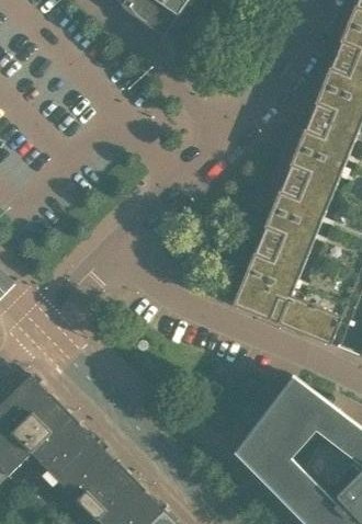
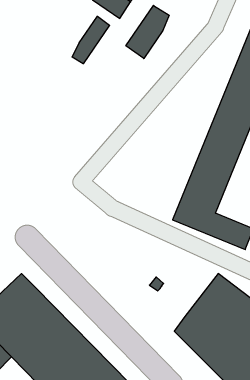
building: none -> [126,5,169,59]
building: none -> [72,16,110,64]

